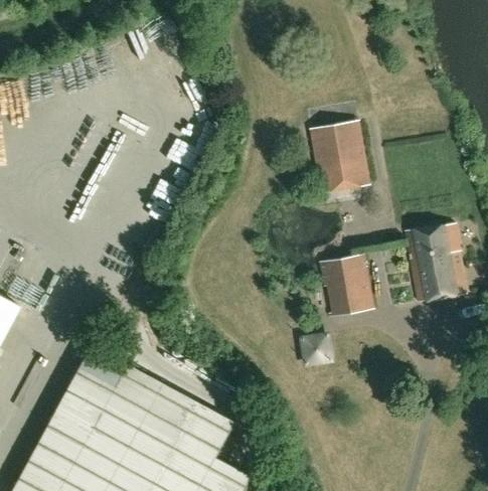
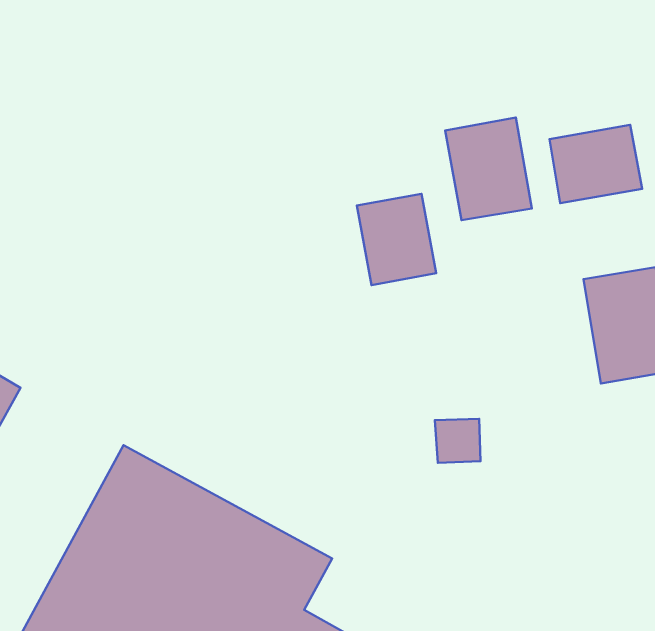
building: none -> [549,125,642,203]
building: [320,255,374,317] -> [357,194,436,285]

